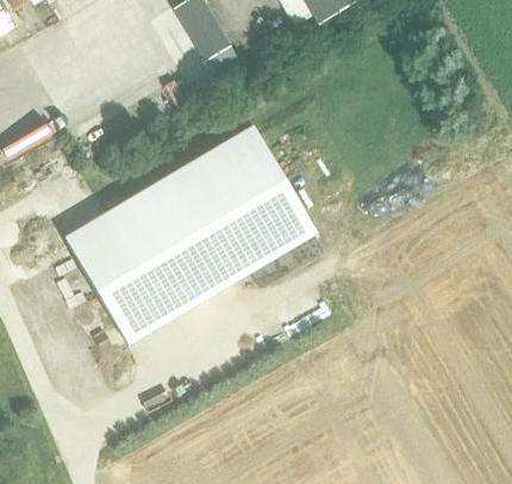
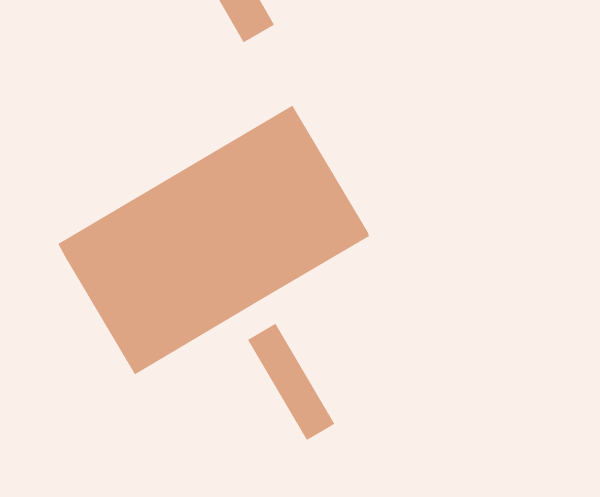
building: none -> [247,323,335,441]

